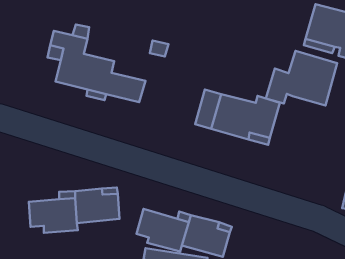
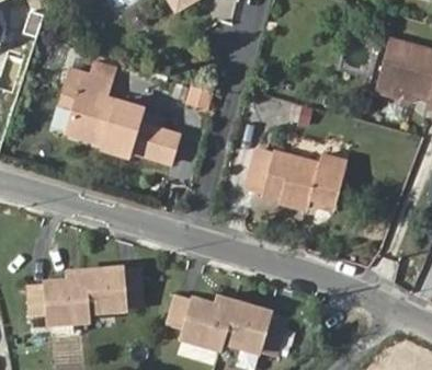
building: [266,51,337,106] -> none

